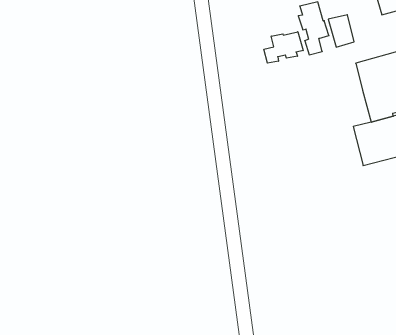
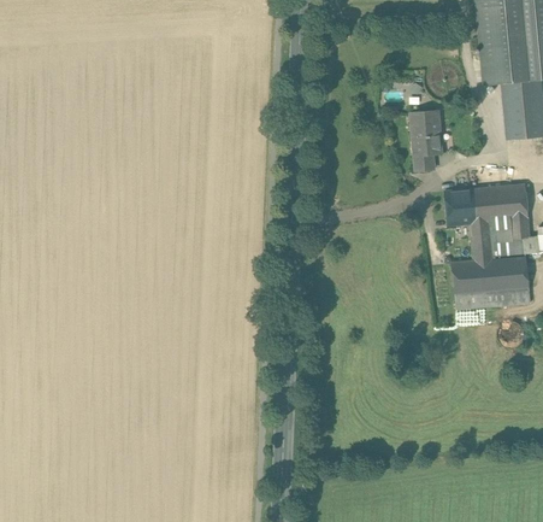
building: [328,15,354,47] -> [444,189,470,224]
building: [264,32,303,63] -> none

